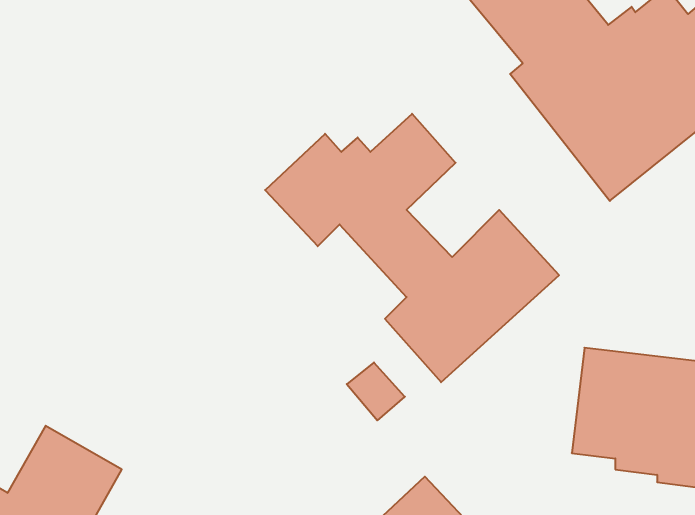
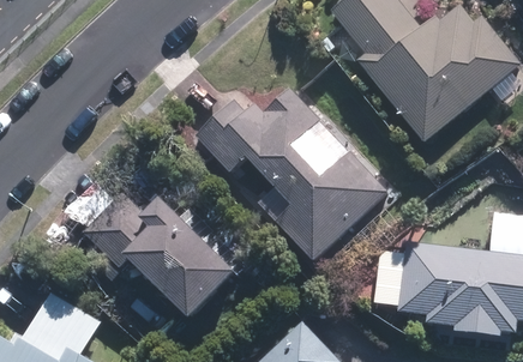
building: none -> [82,189,232,321]

